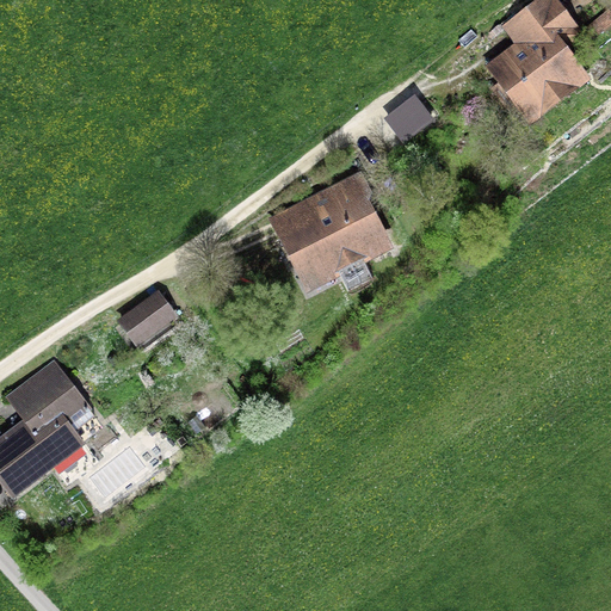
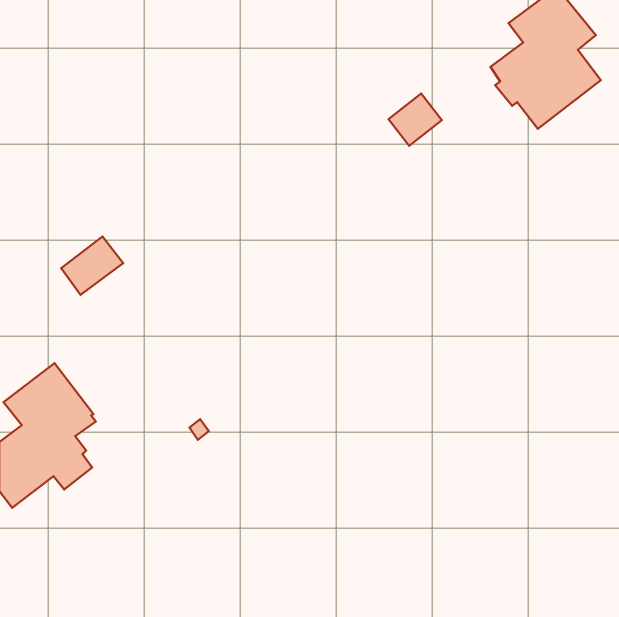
building: [267,171,391,295] -> none
building: [116,288,177,345] -> [61,237,123,295]

